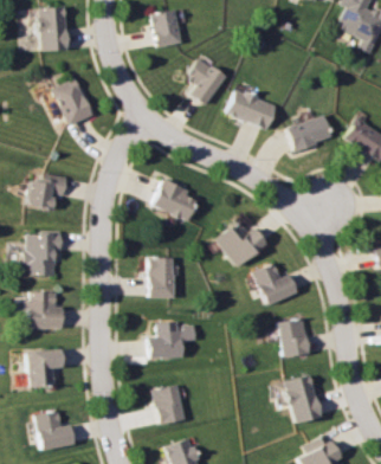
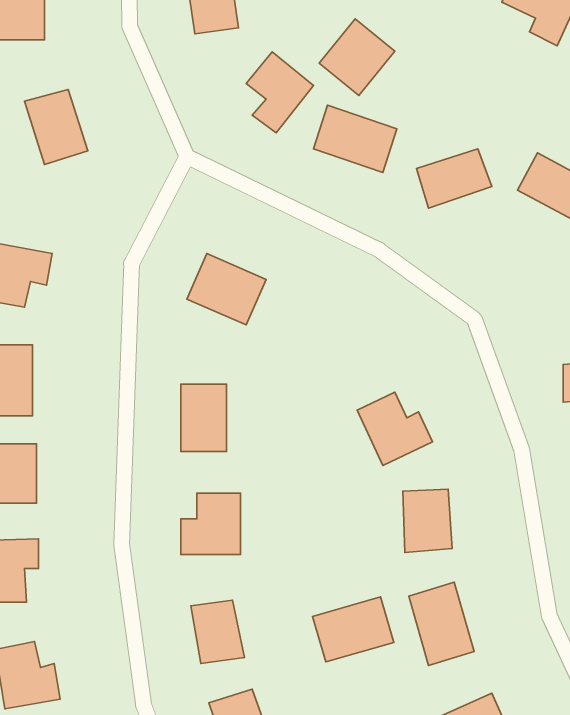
building: none -> [319,19,395,96]
building: [213,217,263,265] -> none
building: none -> [312,597,394,662]

